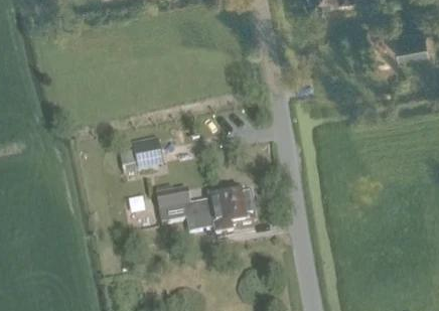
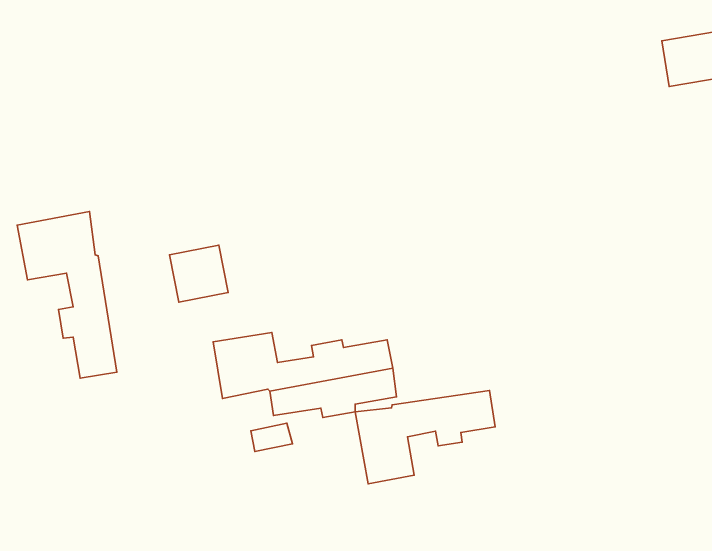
building: none -> [17,211,117,378]
building: none -> [355,391,495,484]

